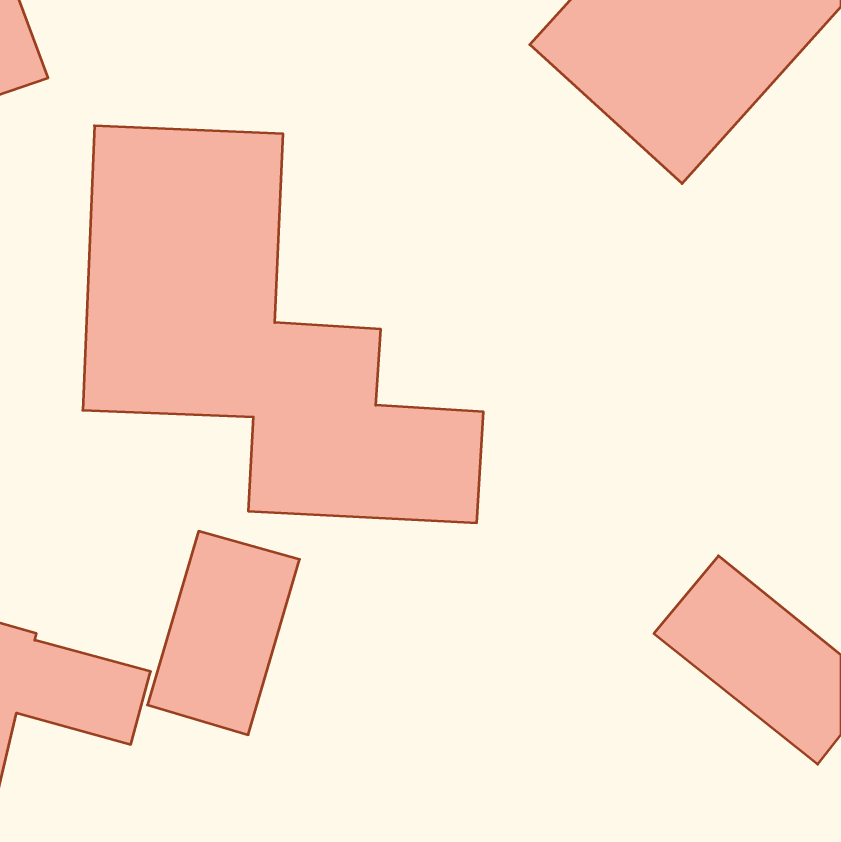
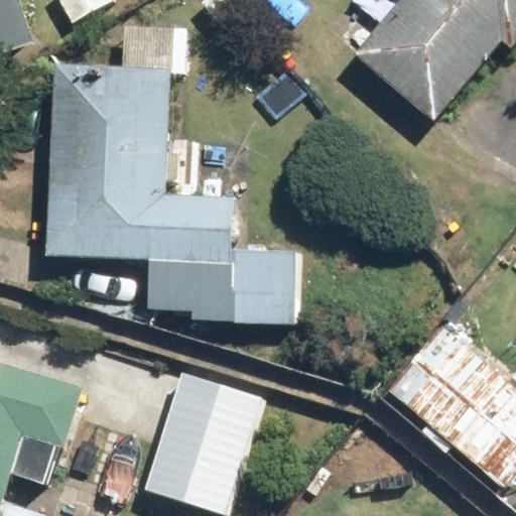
building: [147,531,300,735] -> [156,385,249,509]

